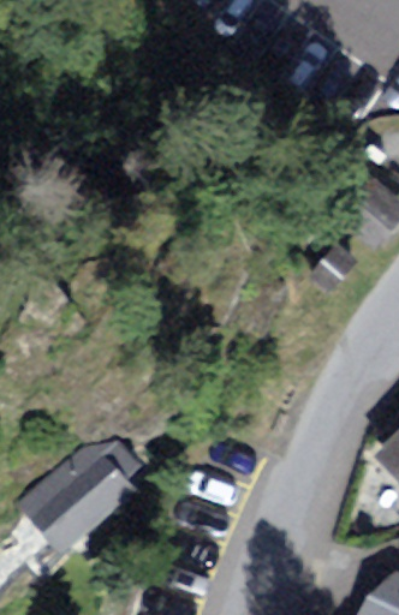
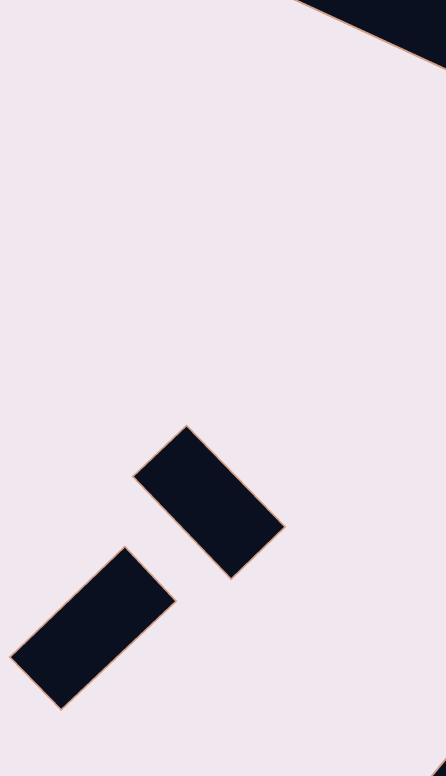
building: none -> [133,426,285,579]

